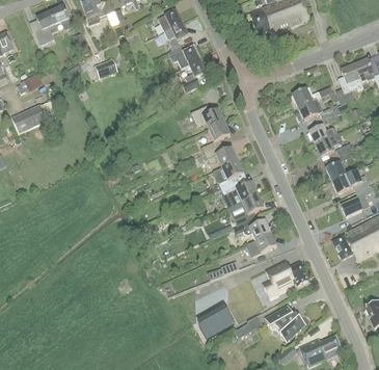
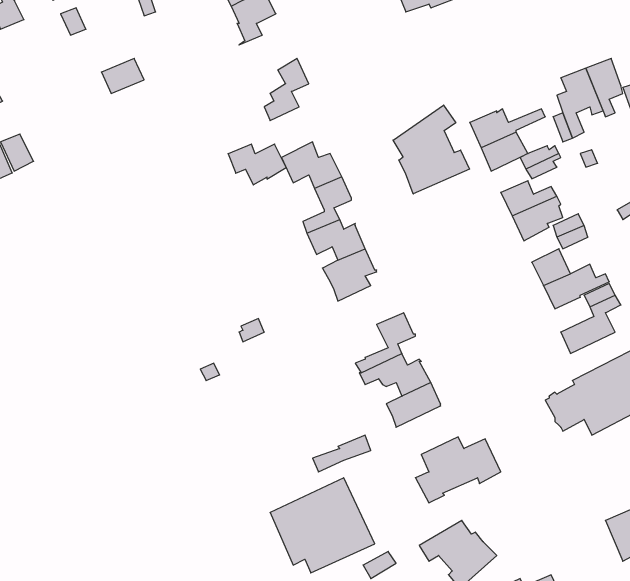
building: [168,46,199,68] -> [228,144,286,185]
building: none -> [393,105,469,194]
building: [221,180,256,207] -> none

